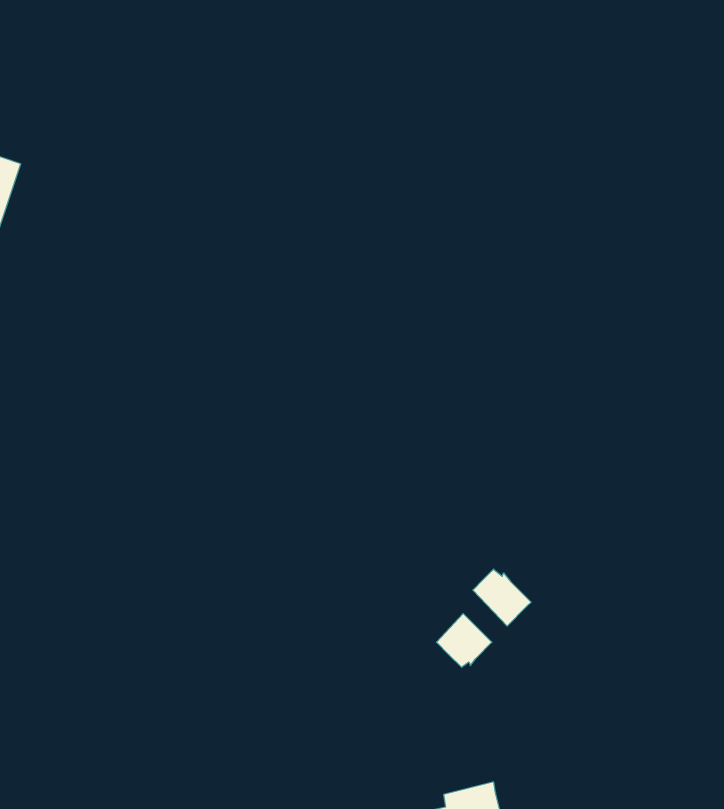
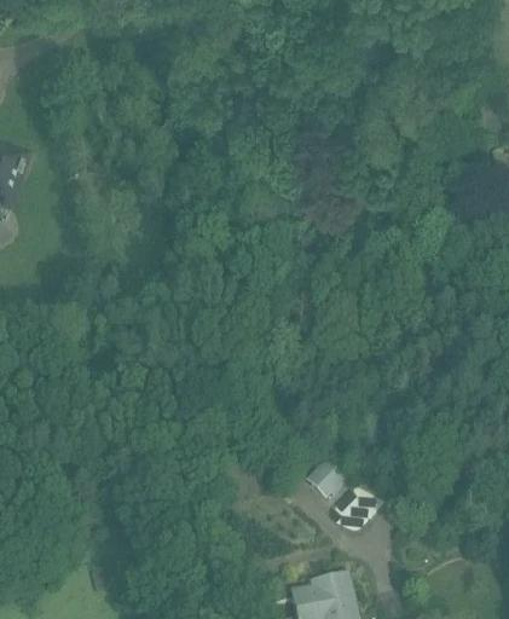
building: [473,569,531,626] -> none

